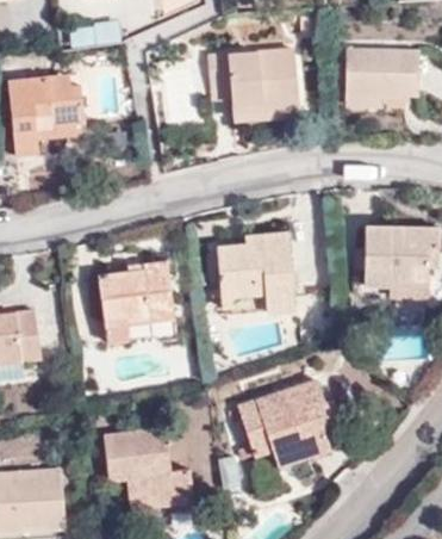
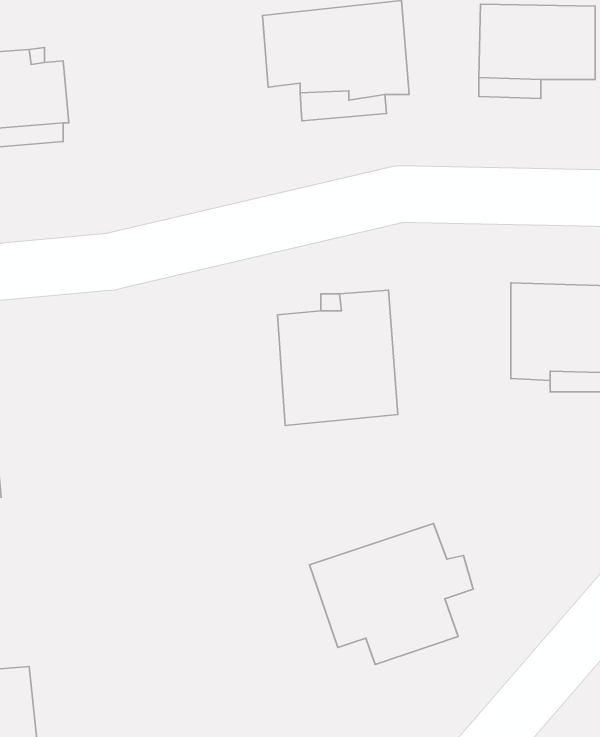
building: [99,260,178,343] -> none
building: [102,425,192,507] -> none

